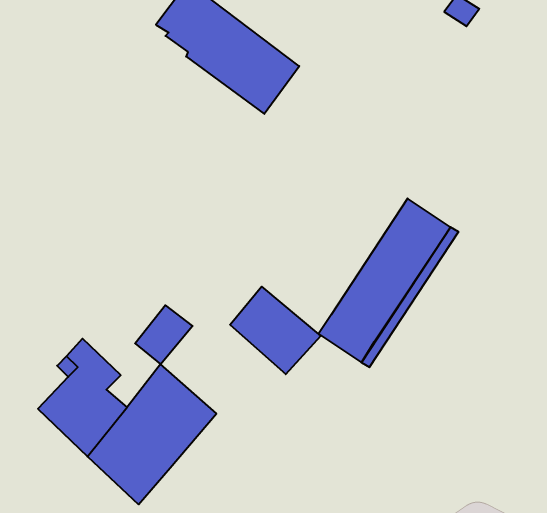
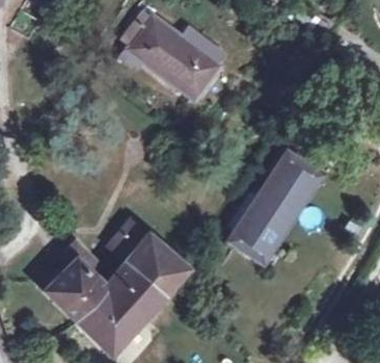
building: [230,287,321,374] -> [127,235,186,292]

